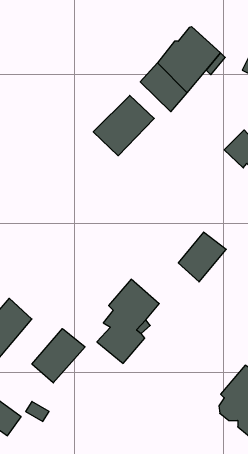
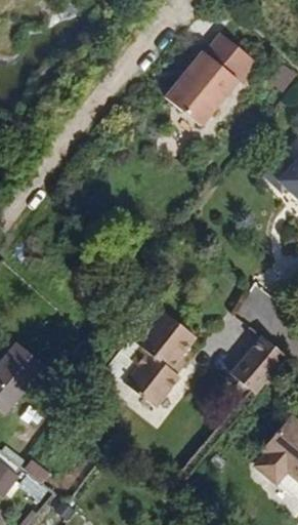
building: [93,95,154,156] -> none
building: [178,232,226,282] -> [229,335,284,392]
building: [32,329,85,383] -> none

